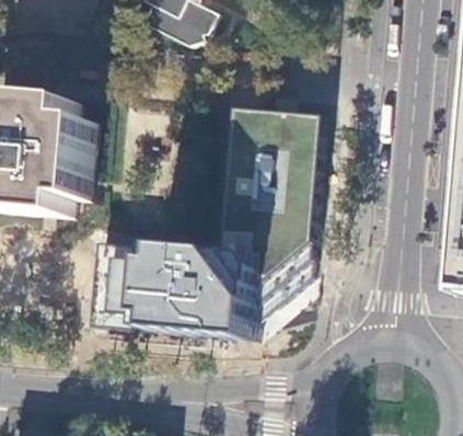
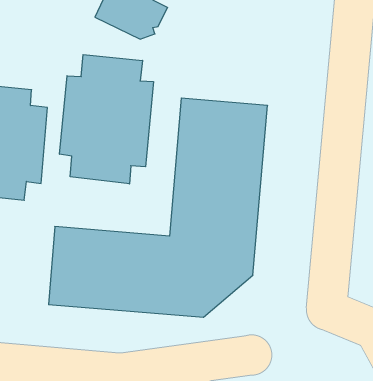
building: none -> [60,55,153,184]

